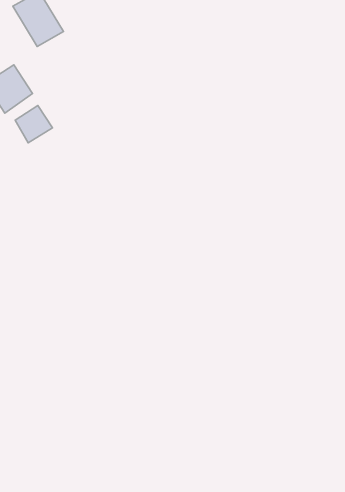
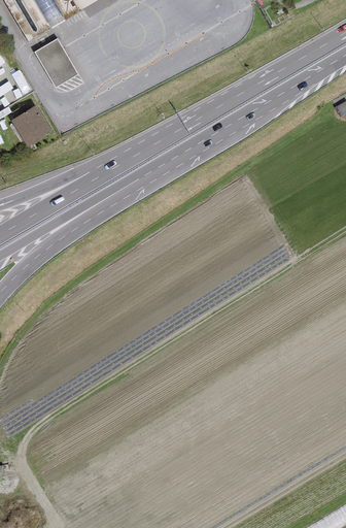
building: [15,105,52,143] -> none

